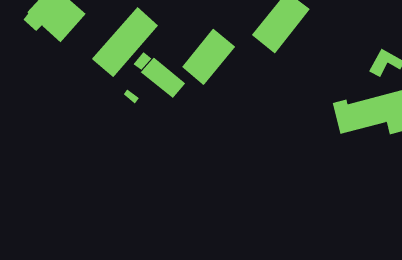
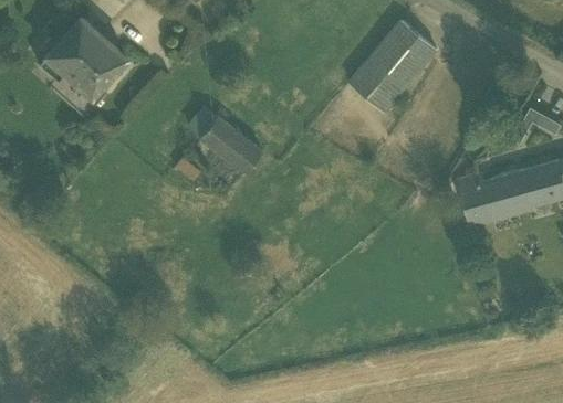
building: [91,6,159,78] -> none
building: [181,28,236,86] -> none

